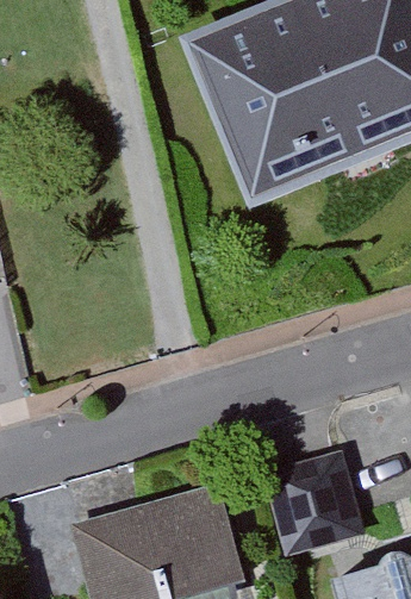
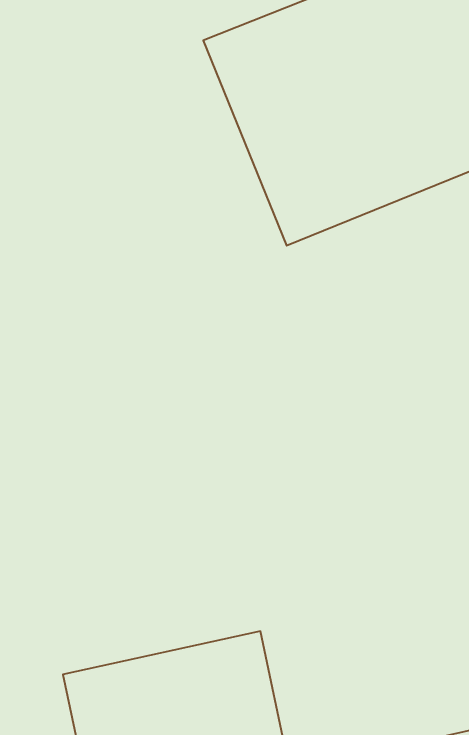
building: [266,462,357,567] -> none

